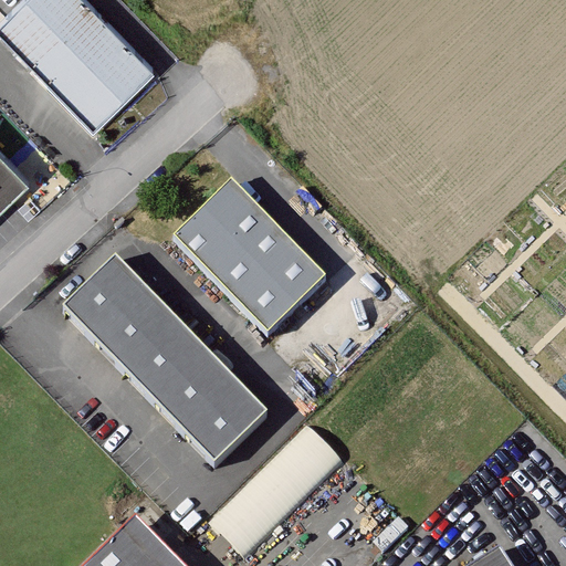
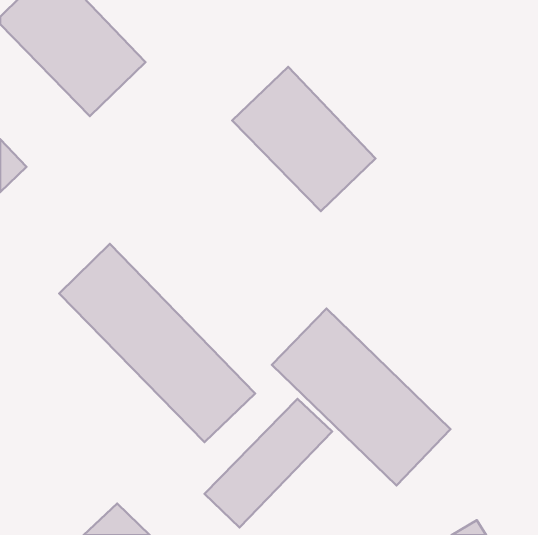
building: [176,181,326,333] -> [232,67,376,211]
building: none -> [272,308,450,486]

